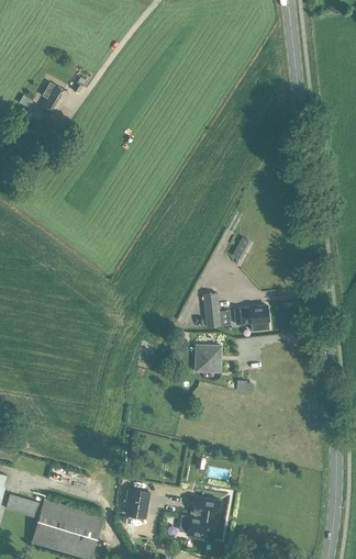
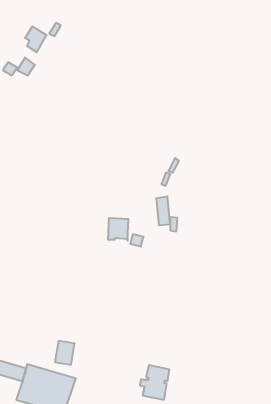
building: [234,306,269,332] -> none
building: [196,346,221,373] -> [108,218,128,241]
building: [124,489,148,518] -> [55,341,75,365]

